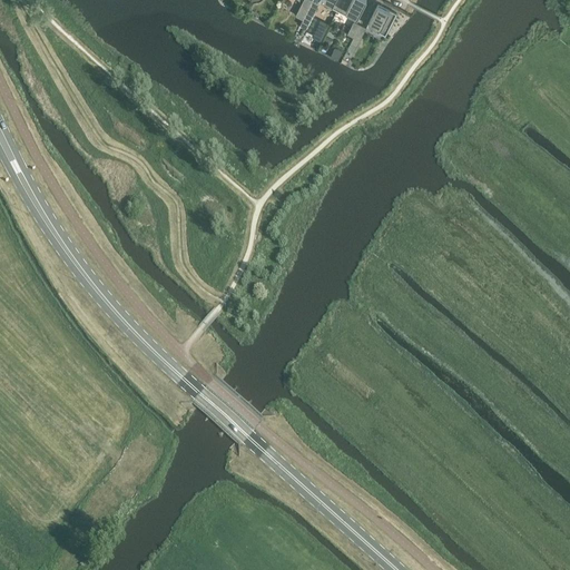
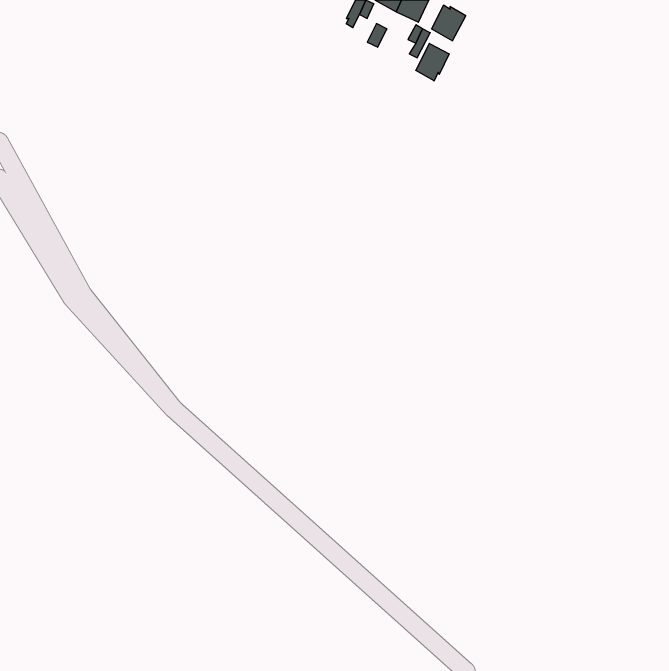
building: none -> [416,43,449,81]

